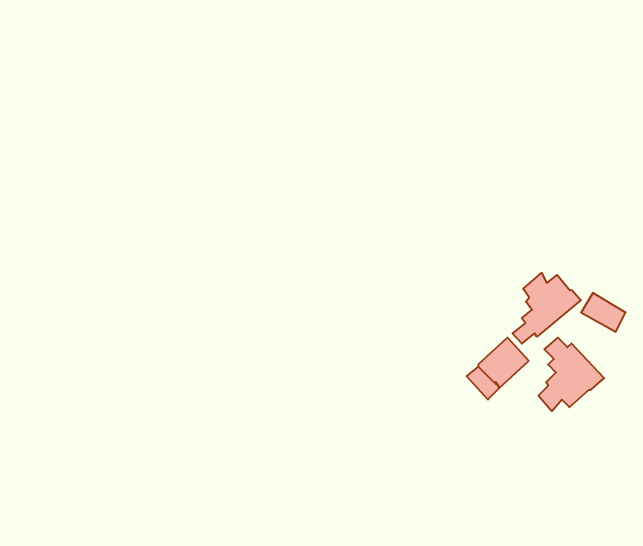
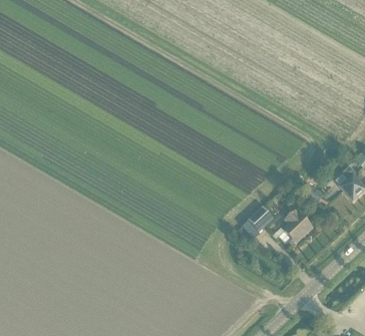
building: [513,273,581,344] -> none

